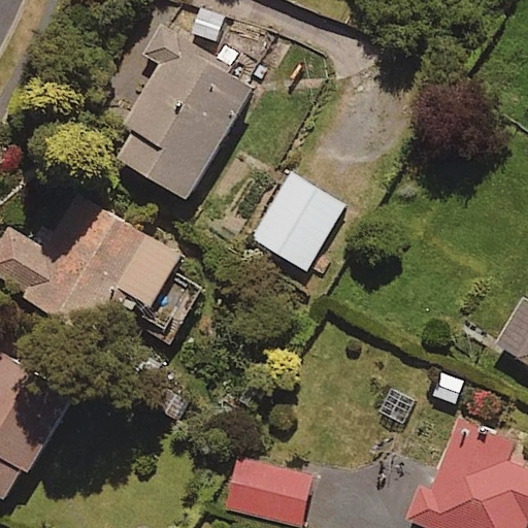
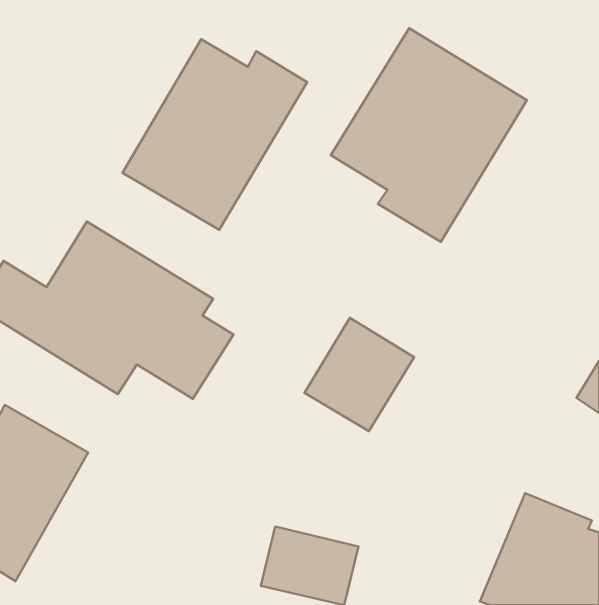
building: none -> [331,28,527,242]
building: [248,170,342,268] -> [305,318,414,431]

